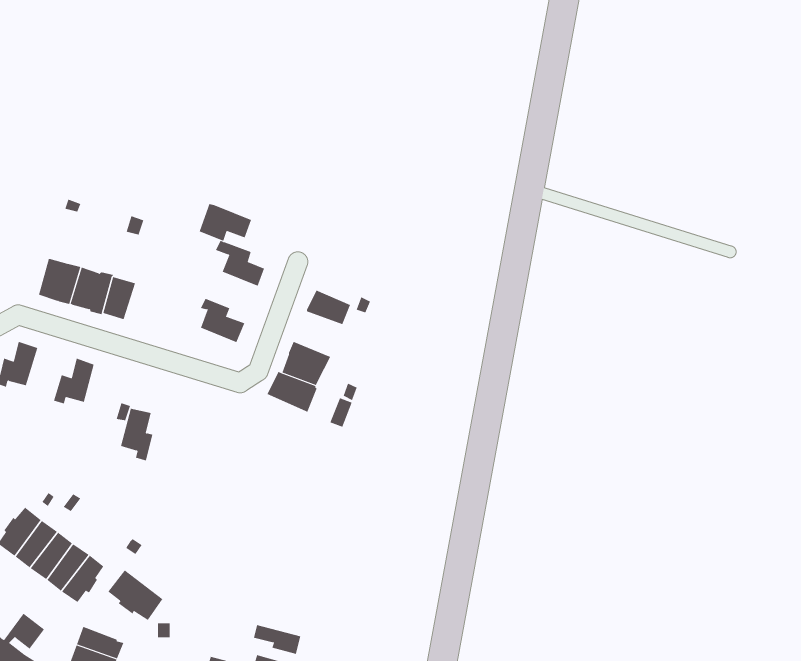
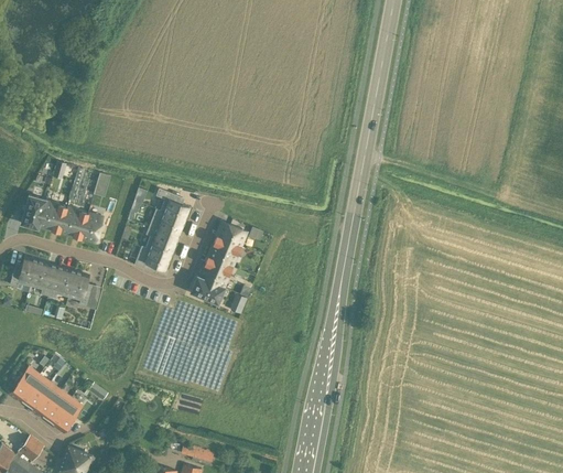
building: [199,203,252,242] -> [150,208,185,234]
building: none -> [21,194,46,228]
building: none -> [208,235,241,266]
building: none -> [136,246,171,270]
building: none -> [31,260,54,295]
building: [120,408,153,461] -> [69,271,91,307]
building: [108,569,163,621] -> none

